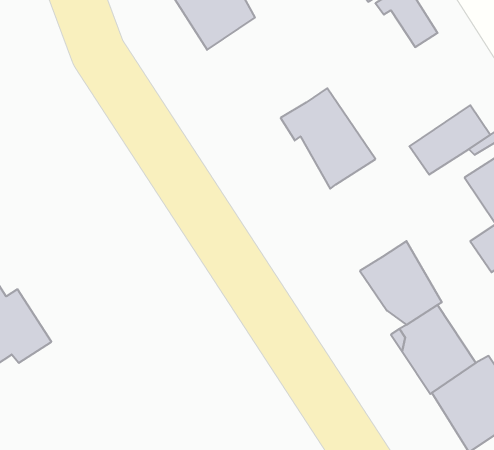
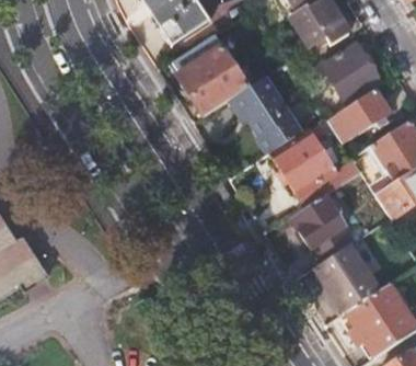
building: none -> [172,35,247,116]
building: none -> [323,43,382,104]
building: none -> [270,119,342,206]

